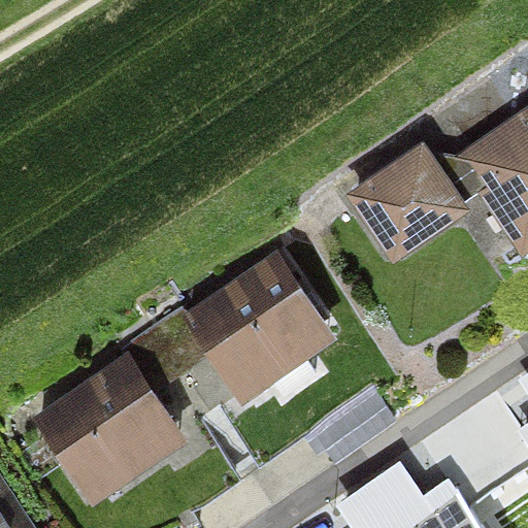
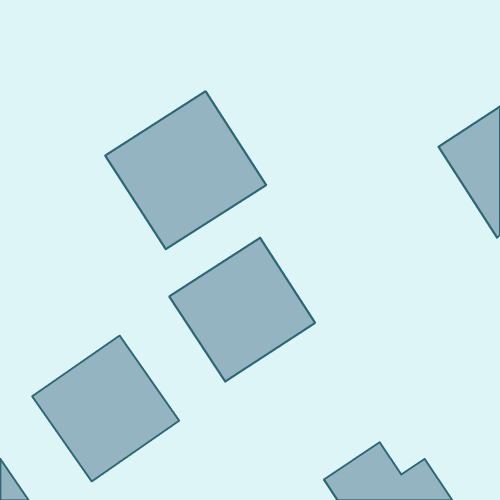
building: none -> [105,91,266,249]
building: [352,148,471,264] -> none

